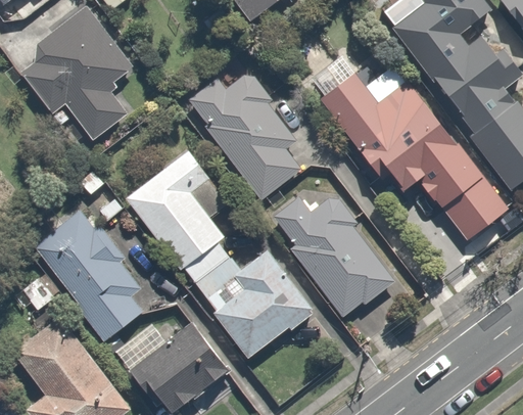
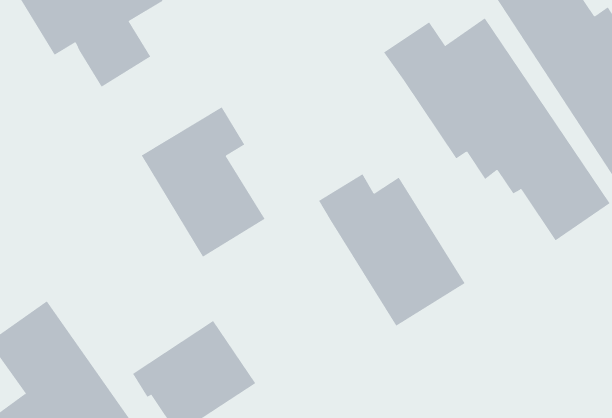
building: [185,67,310,200] -> none
building: [31,206,140,338] -> none
building: [200,247,311,358] -> none

